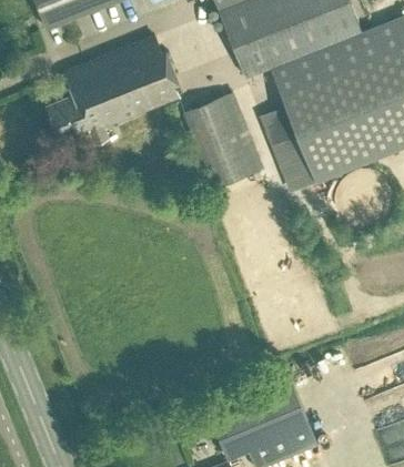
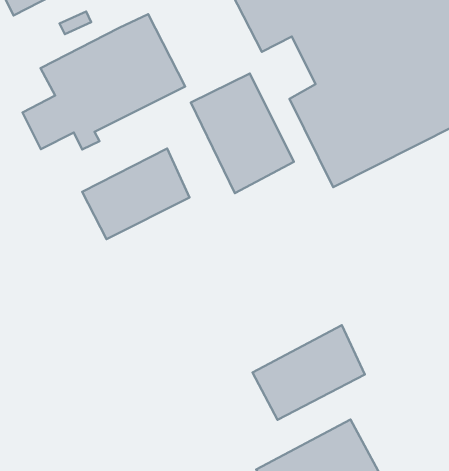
building: none -> [82,148,189,239]
building: none -> [252,325,365,420]

